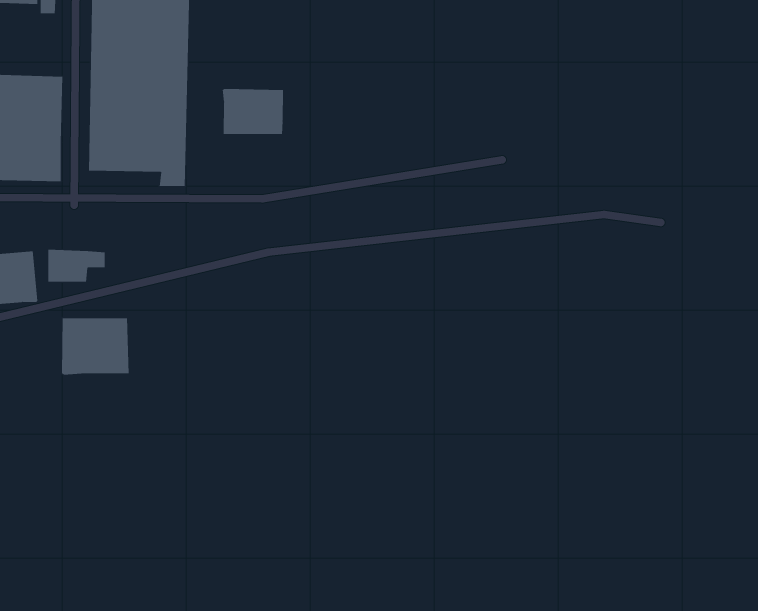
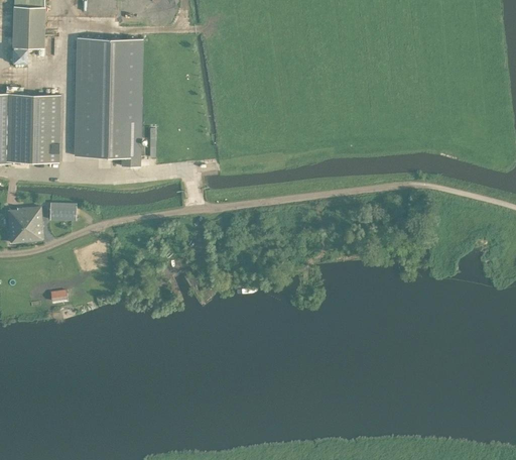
building: [222,88,284,135] -> none
building: [62,317,129,376] -> none

